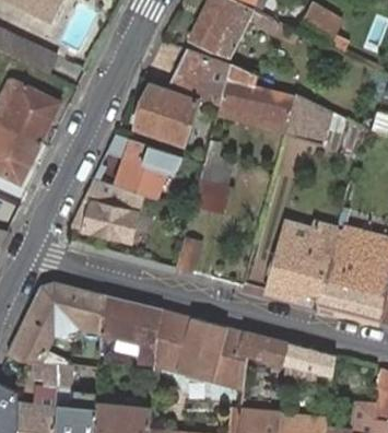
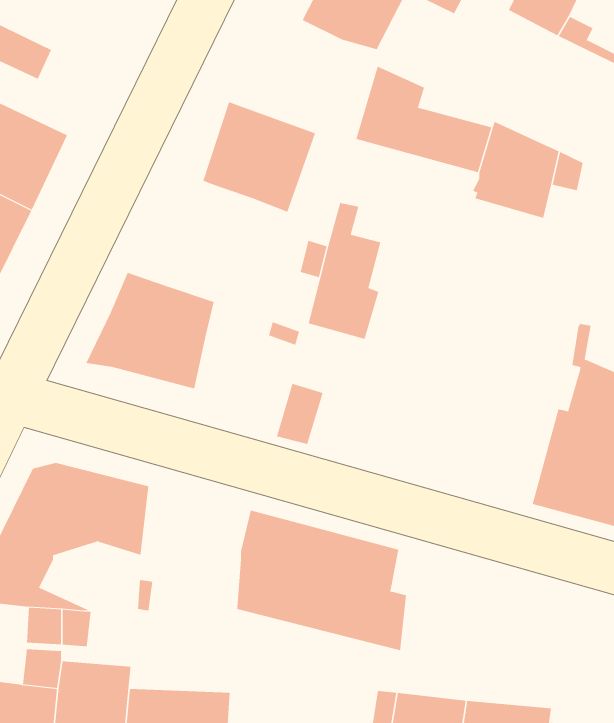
building: [167,48,230,105] -> none
building: [114,139,172,199] -> none
building: [266,222,341,305] -> none
building: [98,295,160,362] -> none
building: [237,330,332,376] -> none

